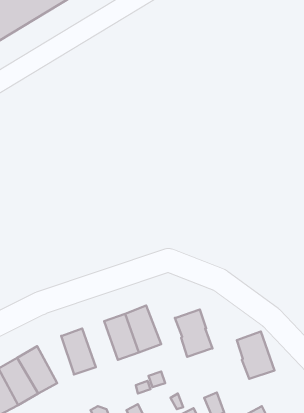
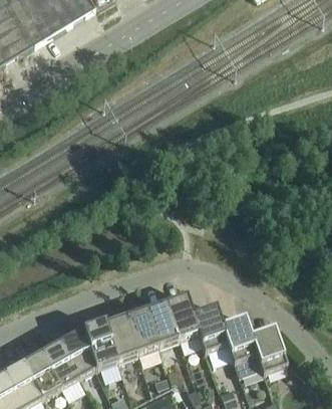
building: none -> [162,297,197,342]
building: none -> [219,319,259,378]
building: none -> [101,320,135,364]
building: none -> [58,332,93,379]

